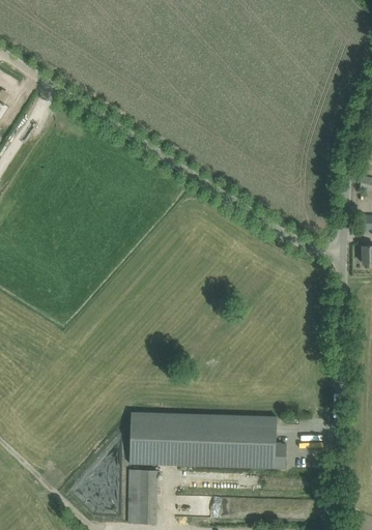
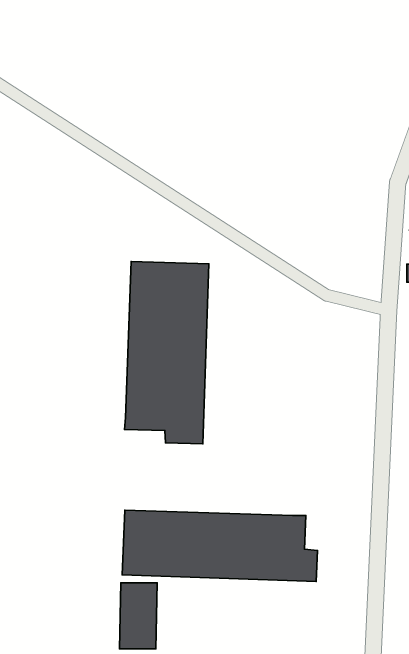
building: none -> [125,261,209,444]

